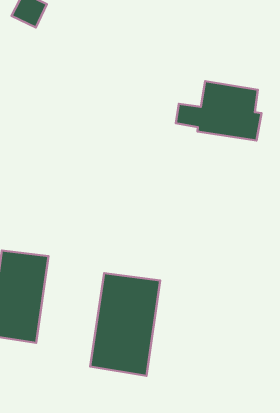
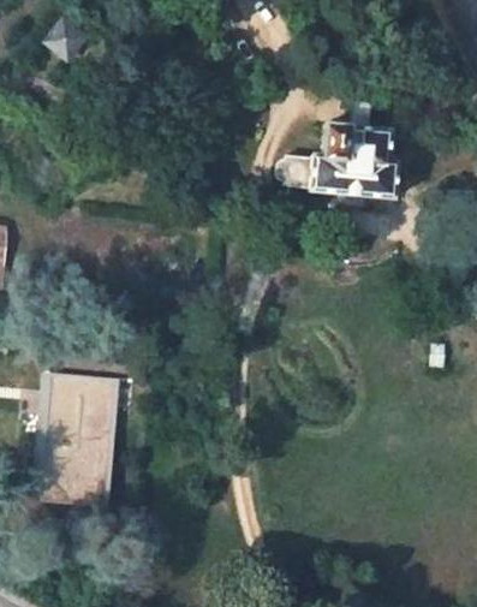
building: [90,273,160,376] -> none

